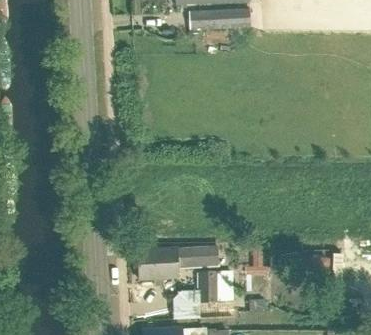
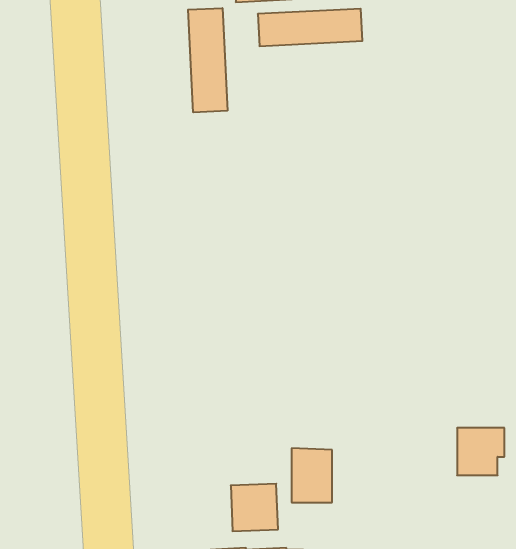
building: none -> [188,8,227,112]
building: [138,245,219,279] -> none

